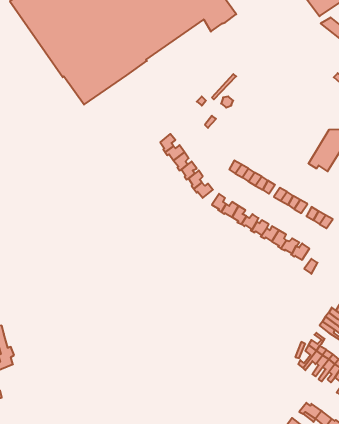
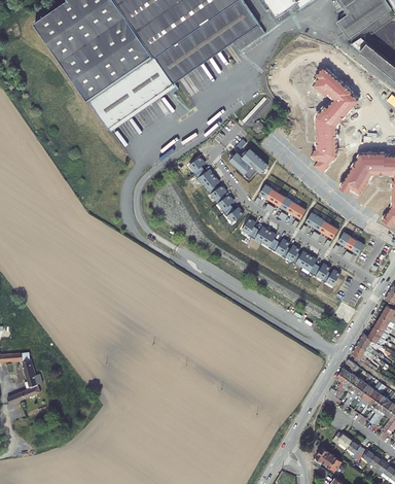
building: none -> [310,68,358,172]
building: none -> [229,149,267,178]

